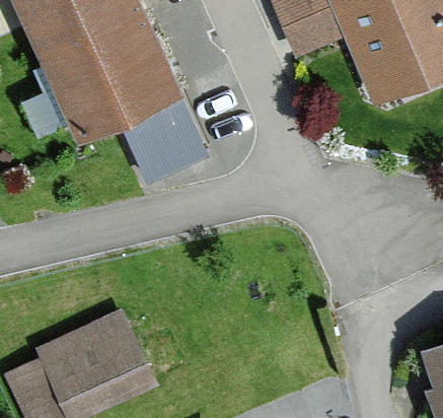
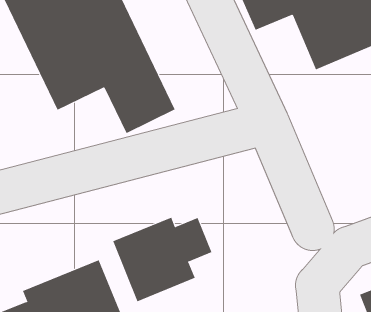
building: none -> [112,217,212,302]

